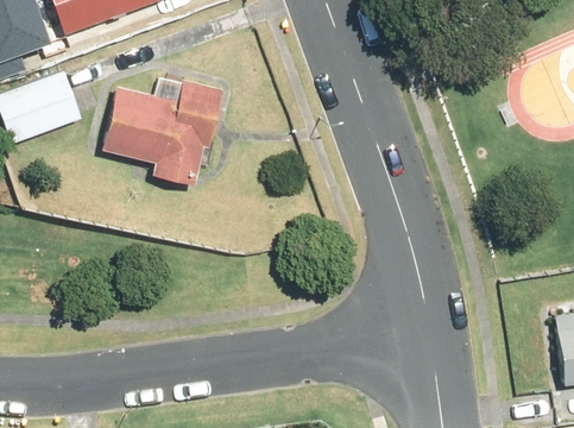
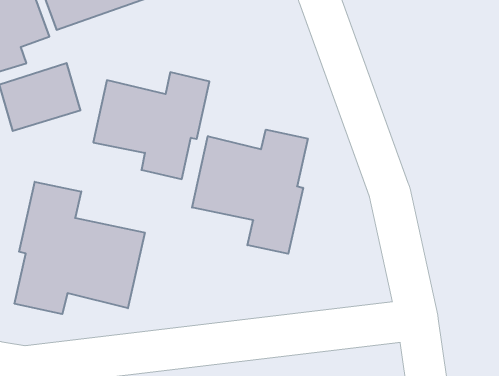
building: none -> [192,130,308,254]
building: none -> [15,182,145,314]

